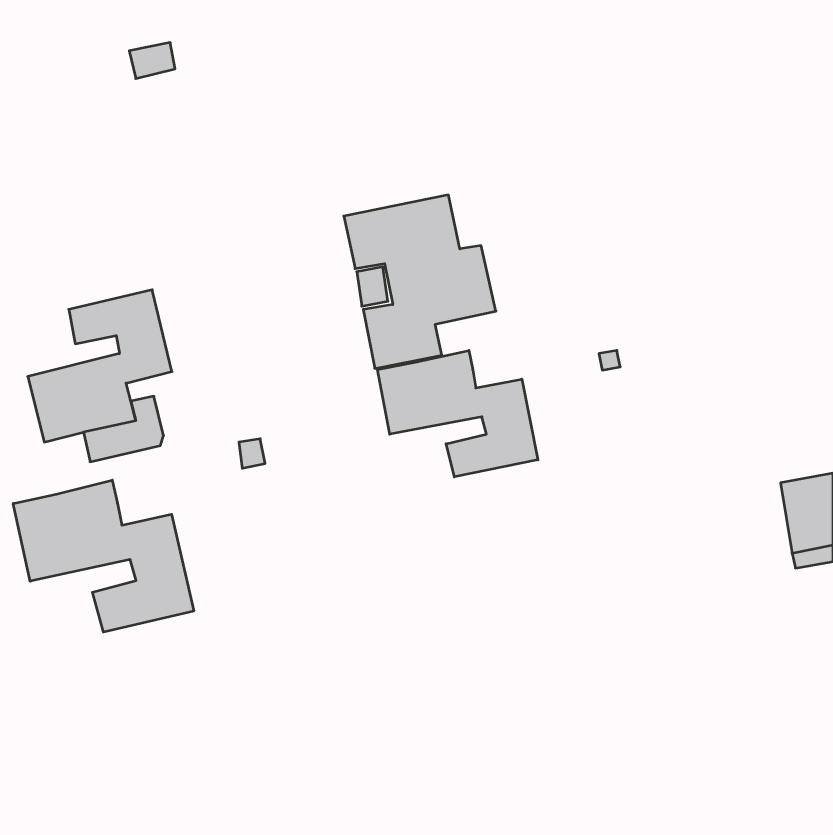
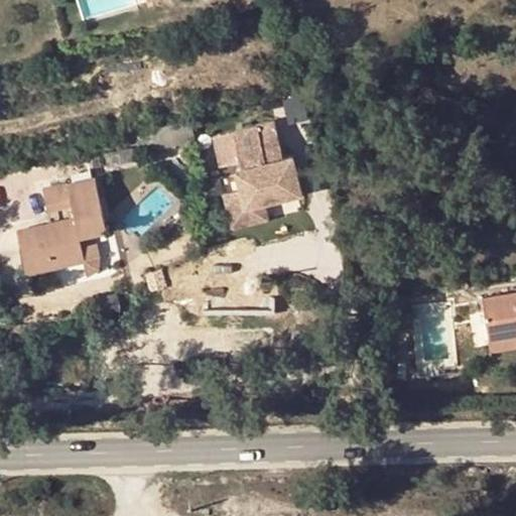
building: [377,350,538,477] -> none
building: [13,480,194,632] -> none

